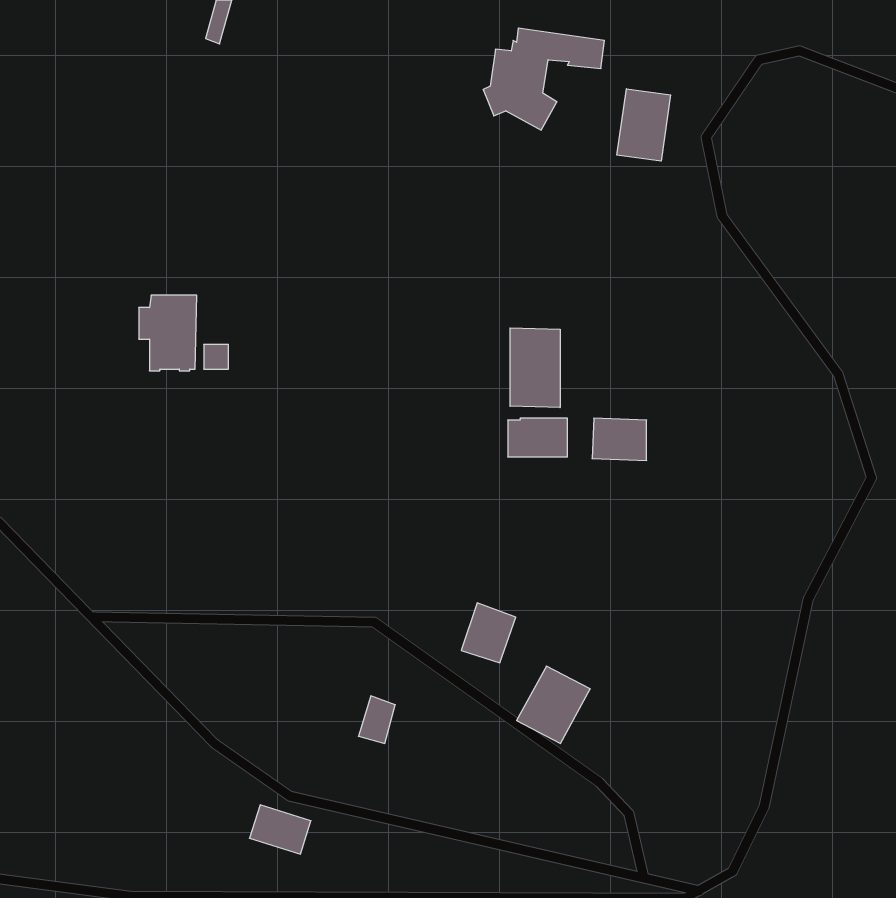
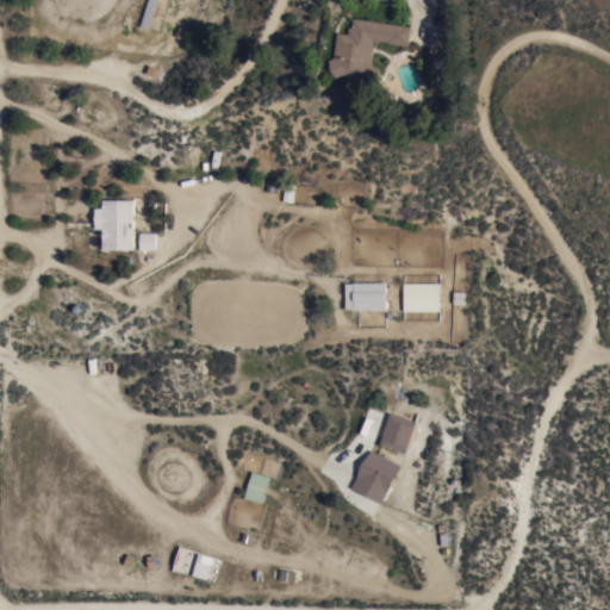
building: [617,89,671,161] -> none
building: [510,328,560,408] -> none
building: [461,603,516,663] -> [379,413,416,454]

